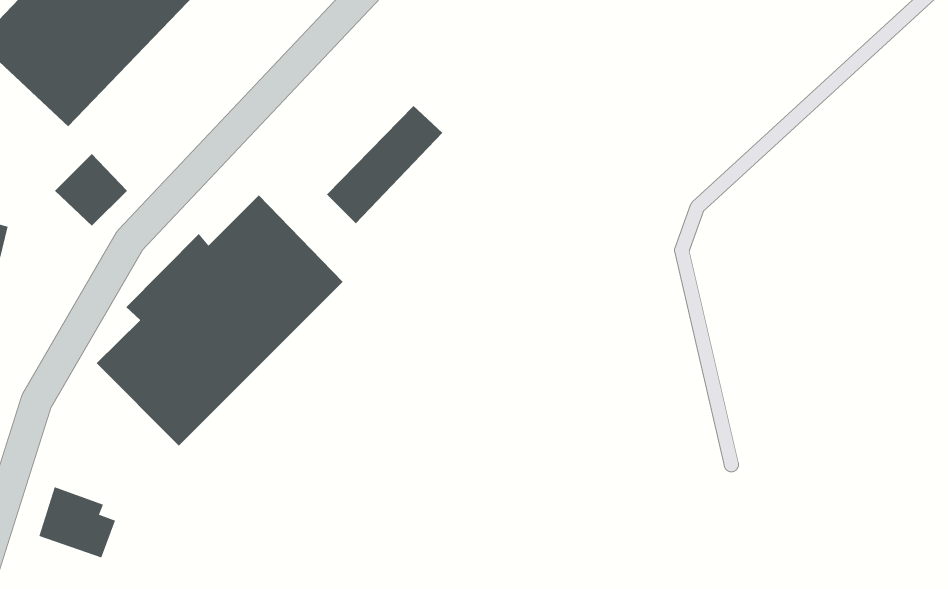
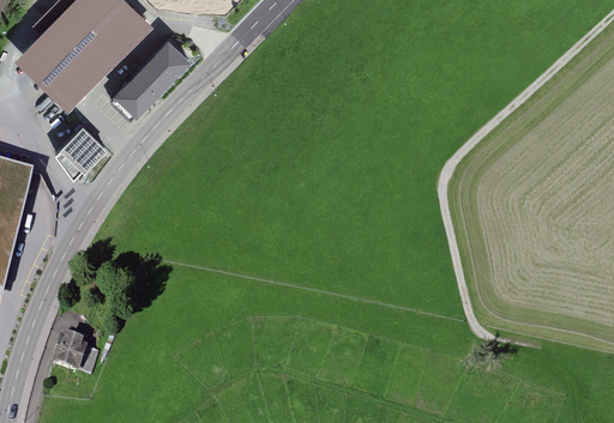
building: [326,105,443,224] -> [112,47,182,119]
building: [96,195,343,447] -> none

